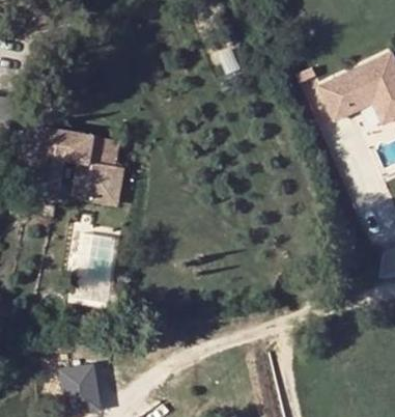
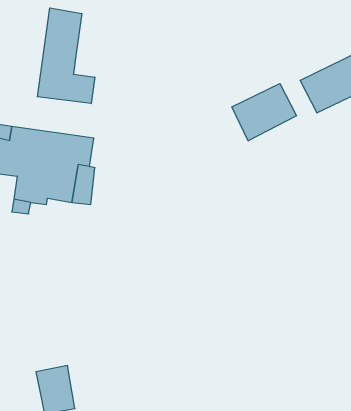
building: none -> [37,8,95,104]
building: none -> [232,84,297,141]

